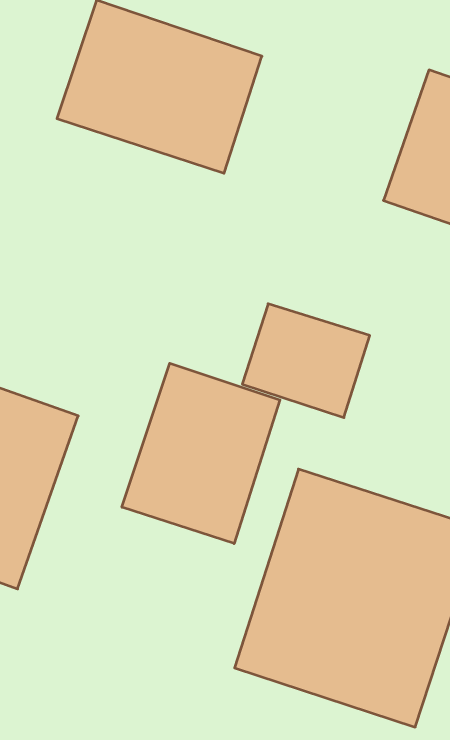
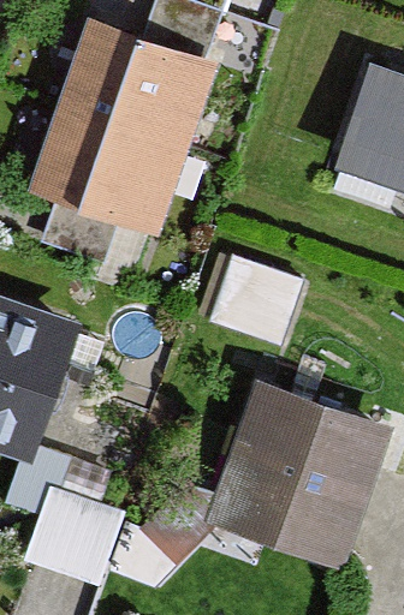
building: none -> [28,100,191,238]
building: [122,363,280,544] -> none
building: none -> [28,476,130,577]

